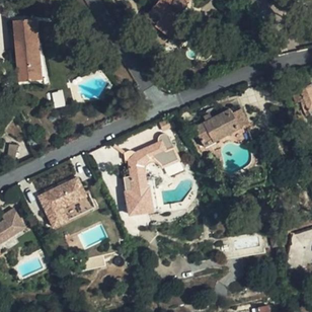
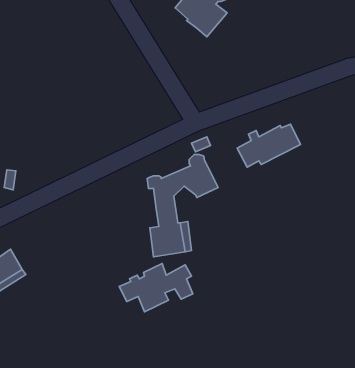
building: [12,19,38,81] -> none
building: [27,185,86,224] -> [119,264,193,312]

